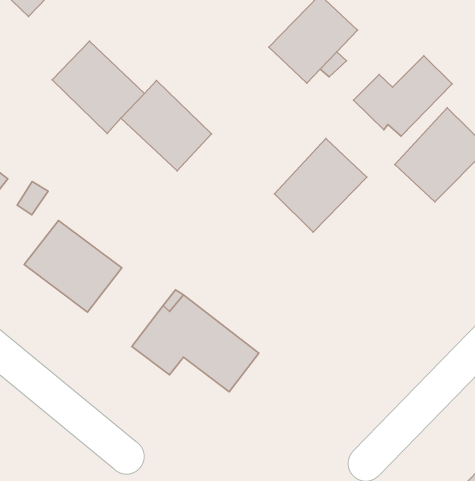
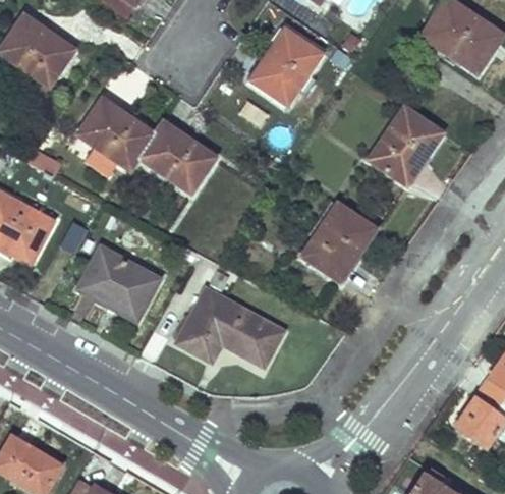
building: [353,56,452,136] -> none
building: [275,138,367,232] -> [301,204,375,282]

